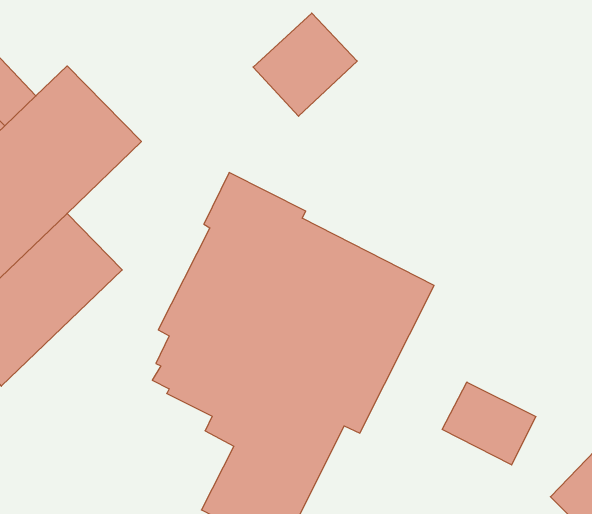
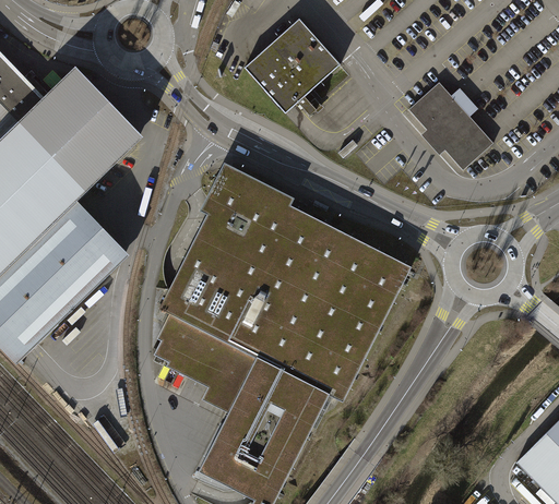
building: none -> [408,82,495,171]
building: [442,382,536,465] -> none

